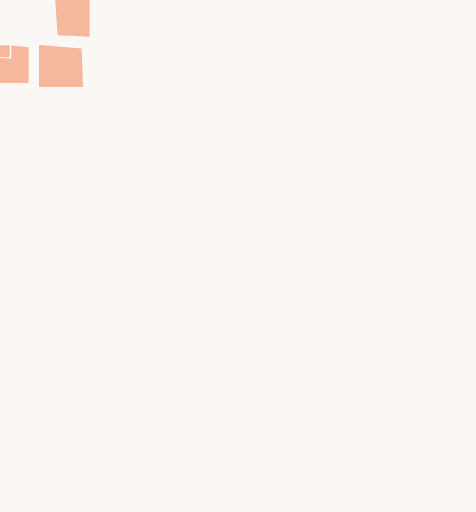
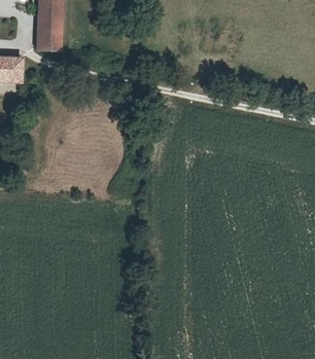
building: [39,44,83,88] -> none

